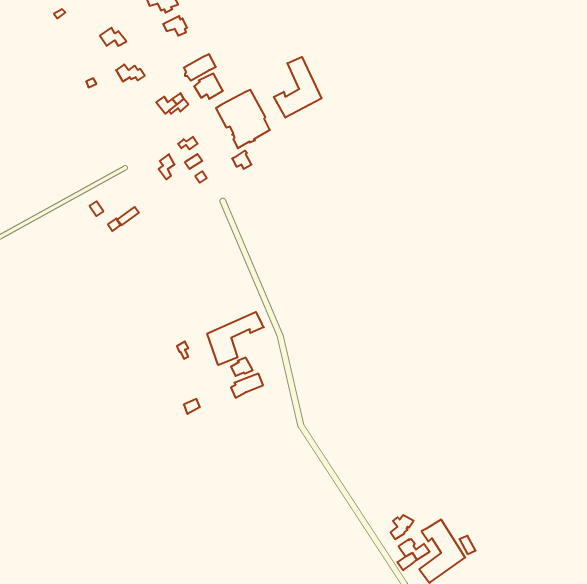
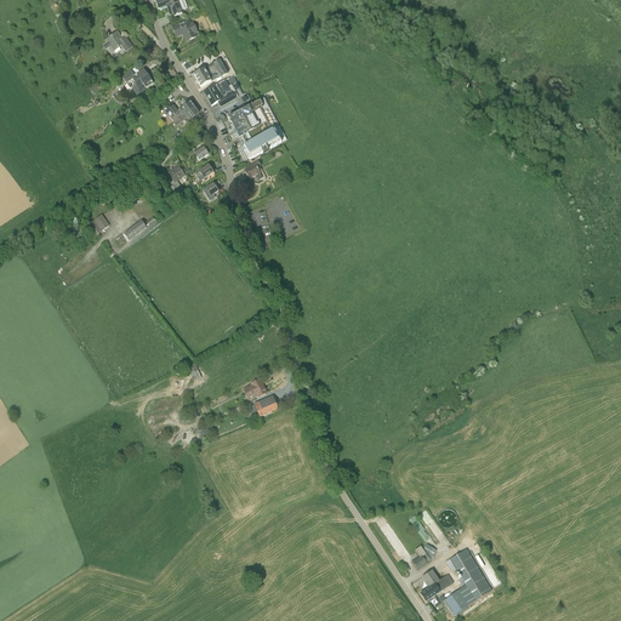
building: [274,57,322,118] -> none
building: [207,312,264,365] -> none

